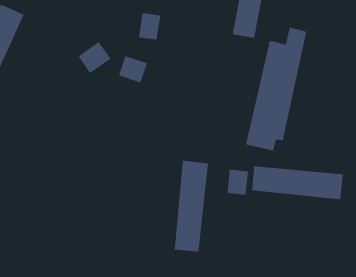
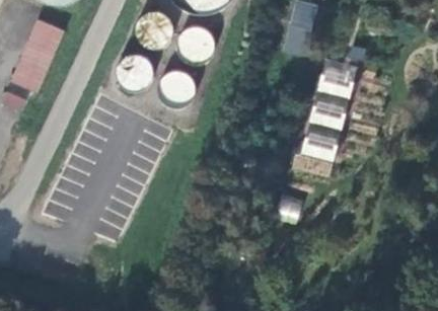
building: [174,160,208,252] -> none
building: [252,165,344,200] -> none

